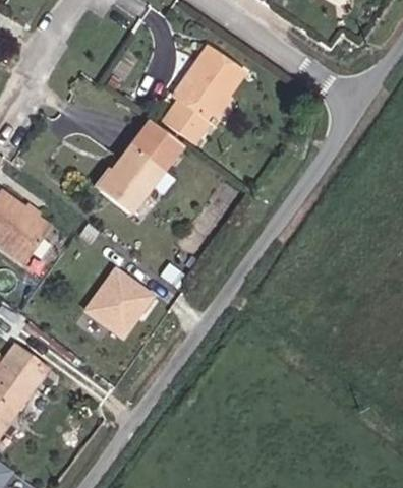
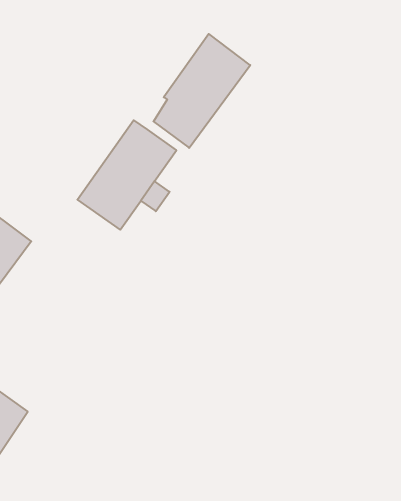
building: [81,270,149,339] -> none

